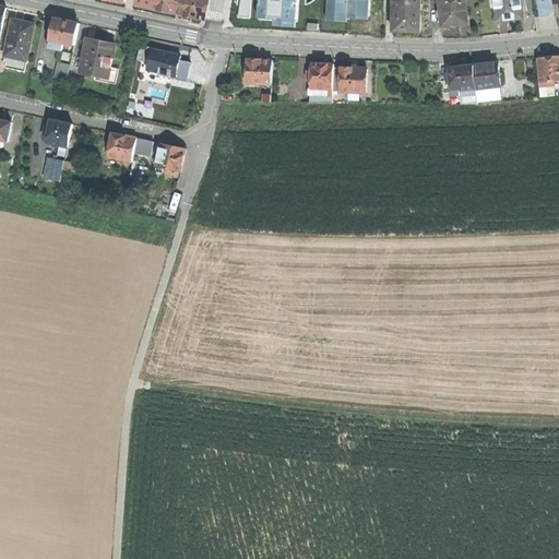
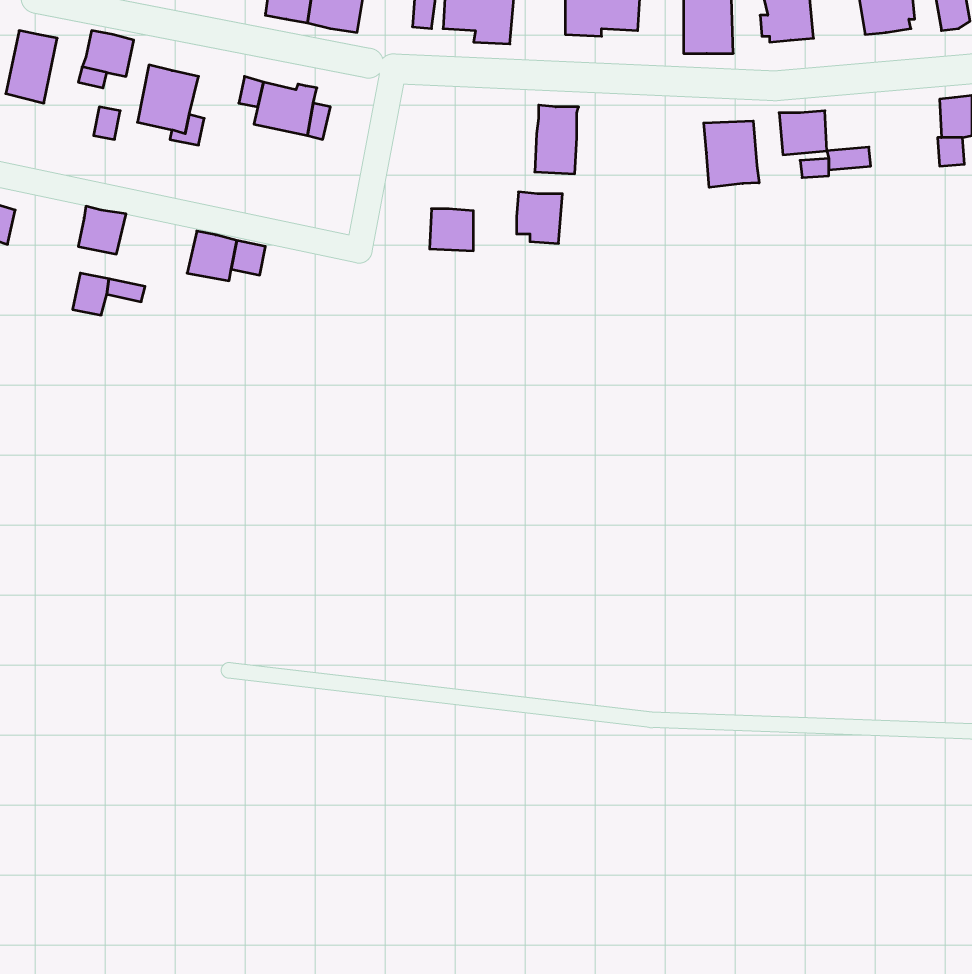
building: [243,57,269,81] -> [430,209,473,251]
building: [472,61,497,86] -> none
building: [337,64,364,94] -> [517,192,562,243]
building: none -> [704,121,759,187]
building: [155,143,185,170] -> none

